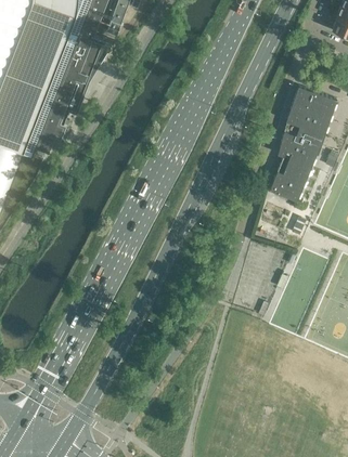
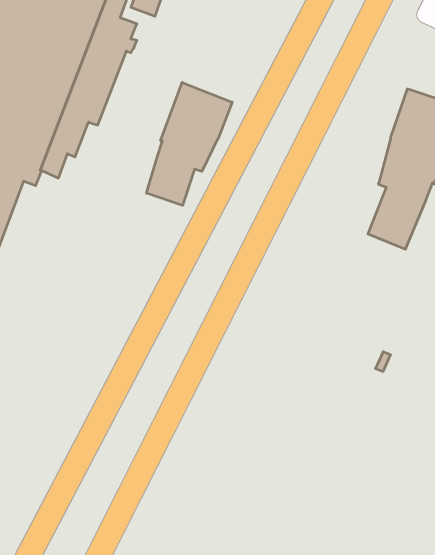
building: none -> [147,82,232,205]

